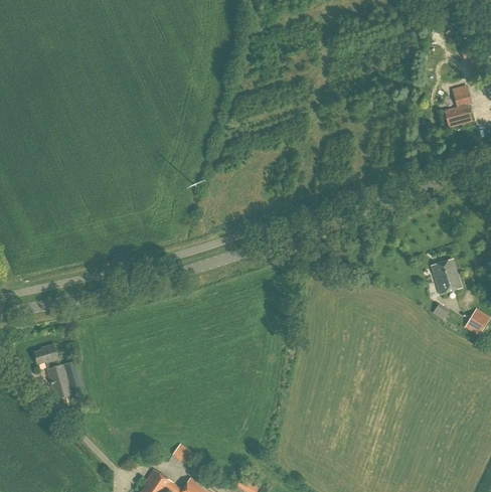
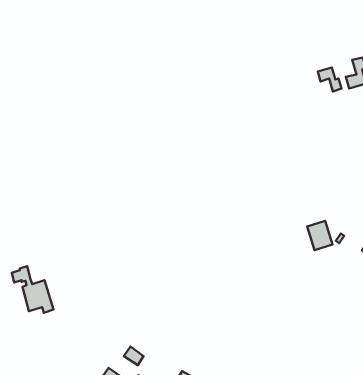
building: none -> [318,67,341,91]
building: [431,258,462,294] -> [307,221,333,250]

